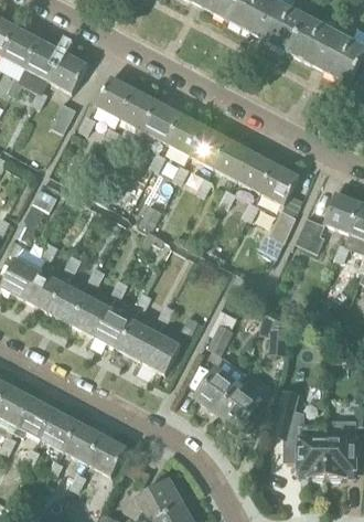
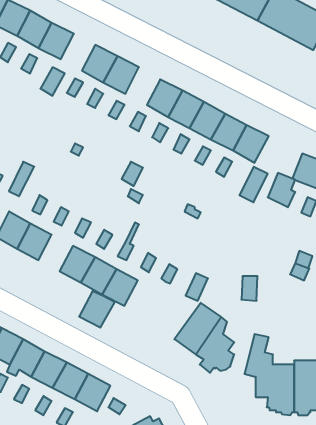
building: [142,100,180,141] -> none
building: [47,283,85,322] -> none
building: [141,332,180,372] -> [79,291,115,328]

